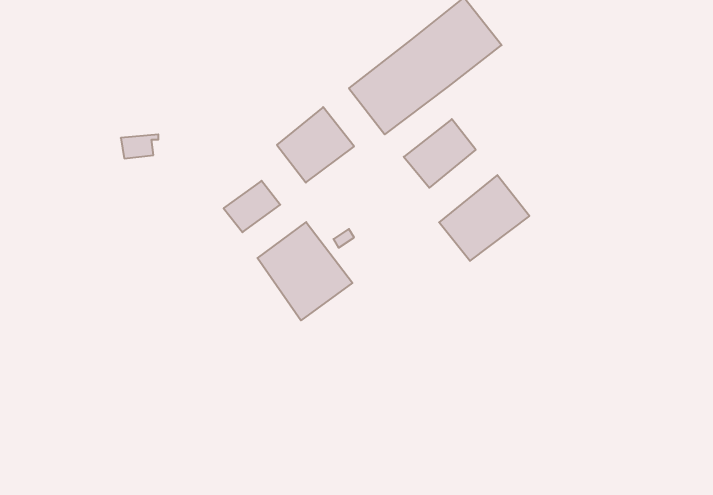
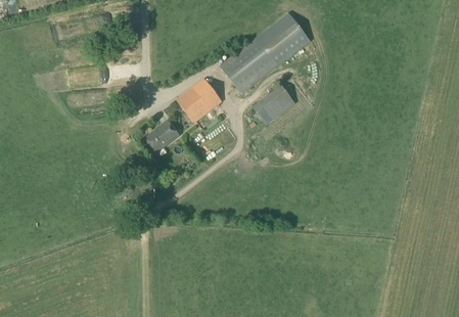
building: [439,175,529,261] -> none
building: [257,222,352,320] -> none

